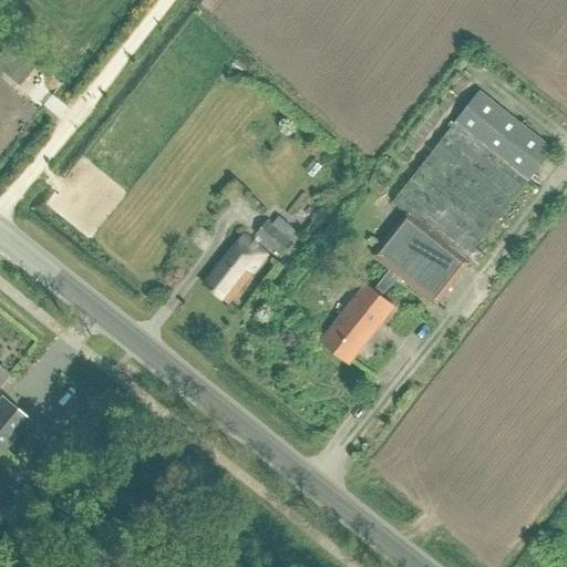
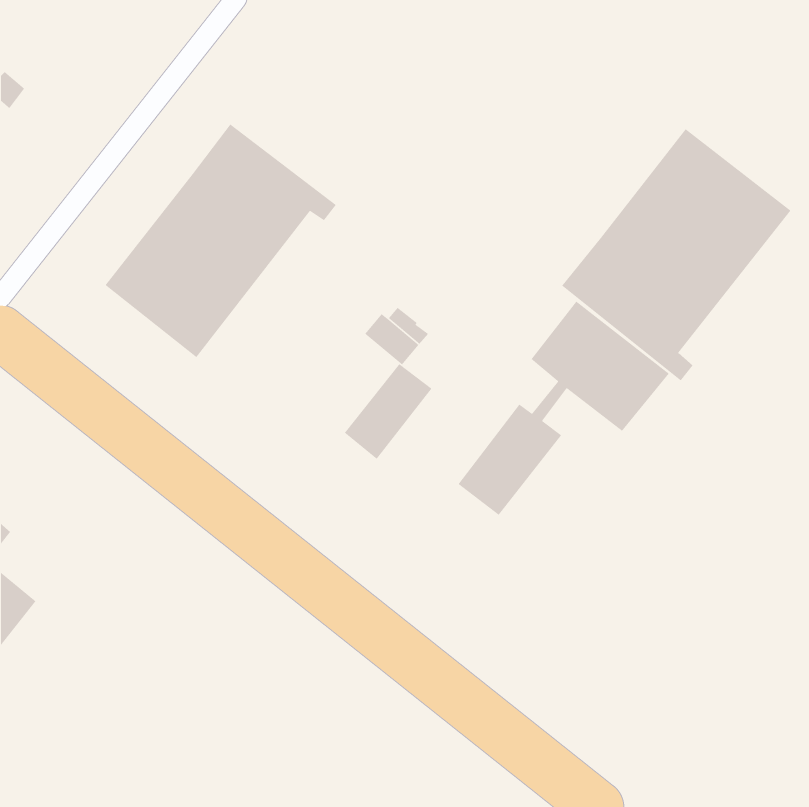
building: none -> [104,123,337,358]
building: [205,235,267,302] -> [344,363,432,460]

